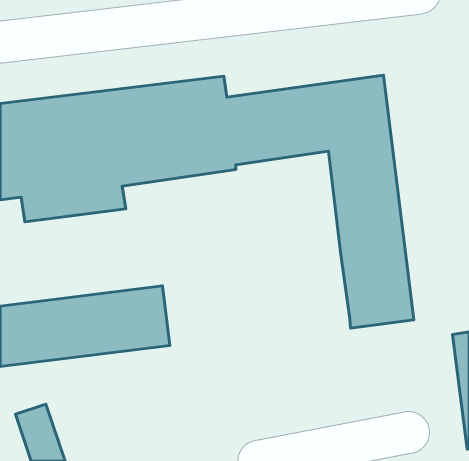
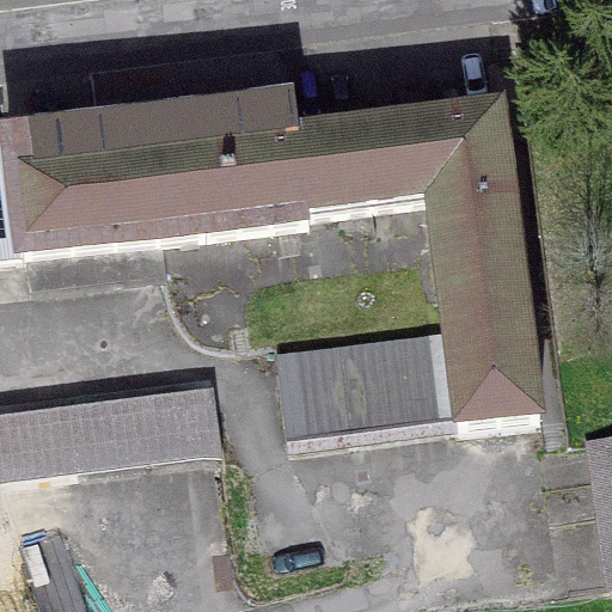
building: none -> [275,329,455,437]

